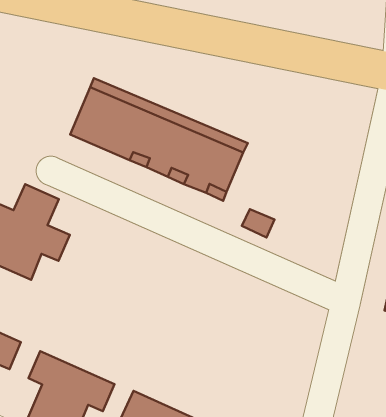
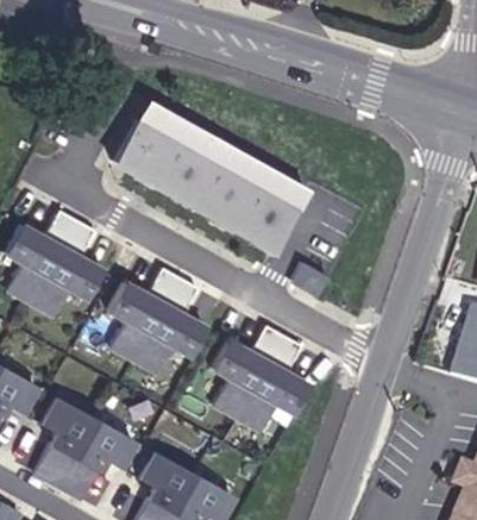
building: none -> [106,268,203,372]
building: none -> [209,325,307,430]

